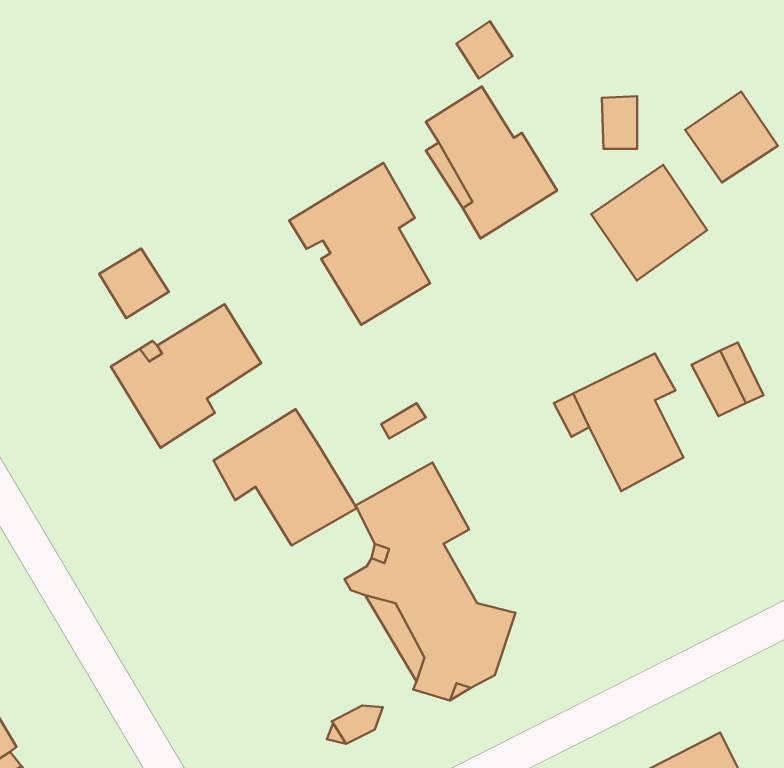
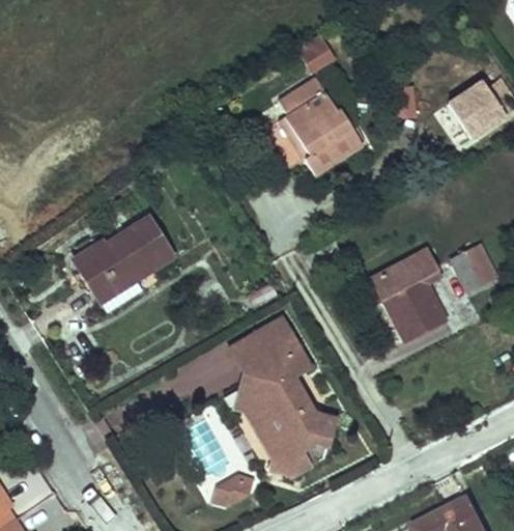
building: [289,163,430,325] -> none
building: [591,165,707,280] -> none
building: [99,249,169,318] -> none
building: [213,409,357,546] -> none

